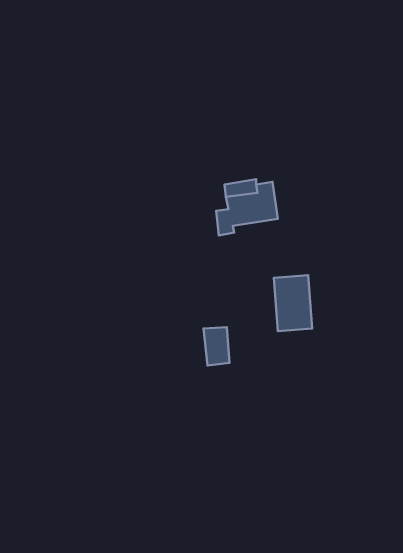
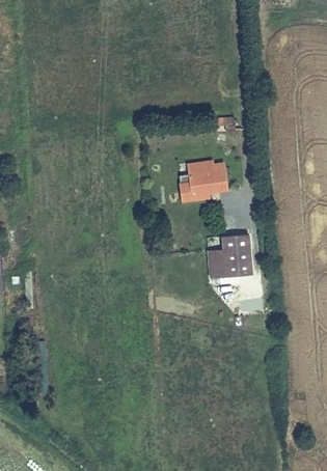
building: [204,327,230,365] -> [207,249,226,278]

